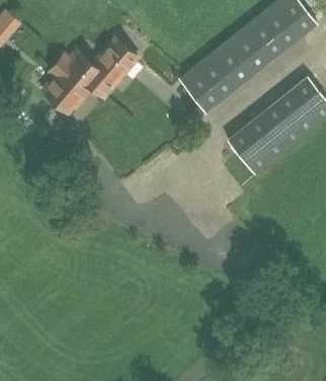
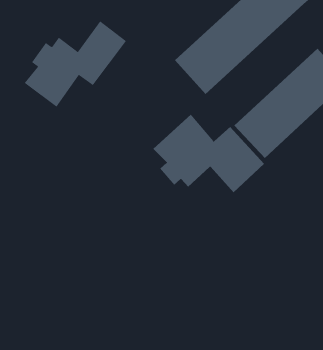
building: none -> [152,114,265,193]

